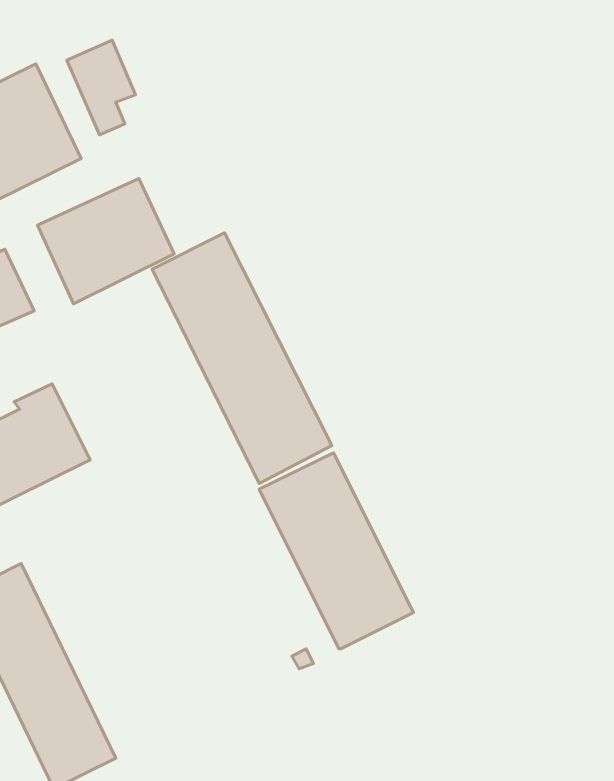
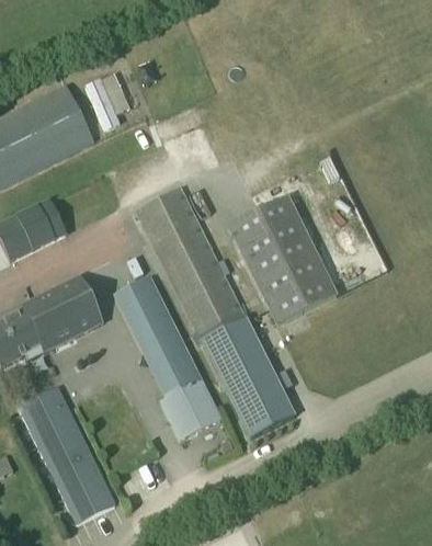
building: [38,178,174,304] -> none
building: none -> [227,195,338,323]
building: none -> [115,276,197,384]
building: none -> [161,379,221,439]

